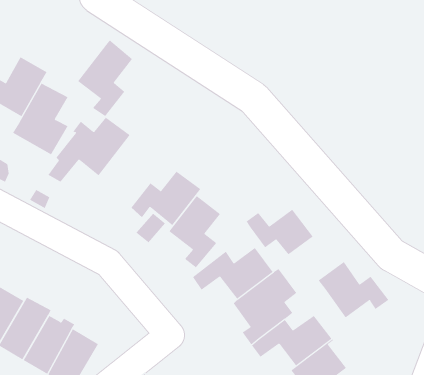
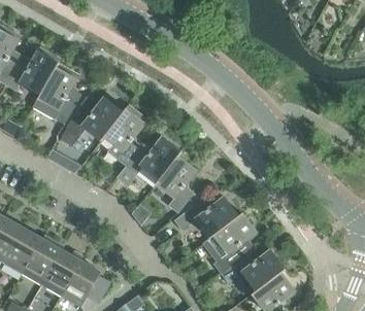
building: [74,39,133,117] -> [101,104,147,165]
building: [246,209,313,255] -> none
building: [318,261,389,332] -> none

